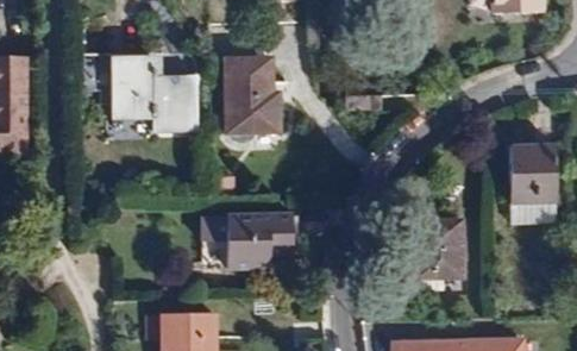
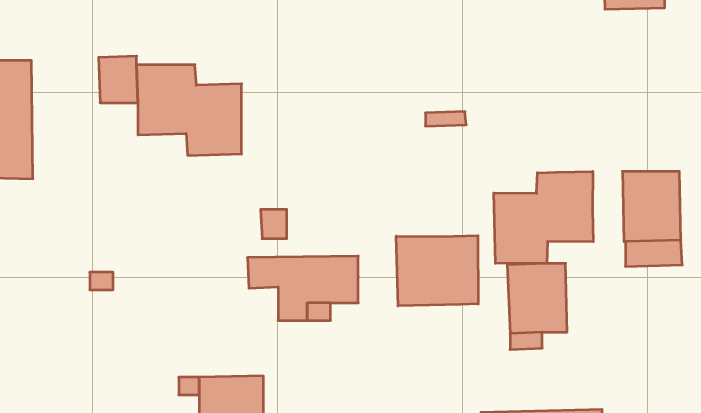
building: [226,57,280,131] -> none
building: none -> [494,171,593,263]
building: none -> [396,236,478,306]

